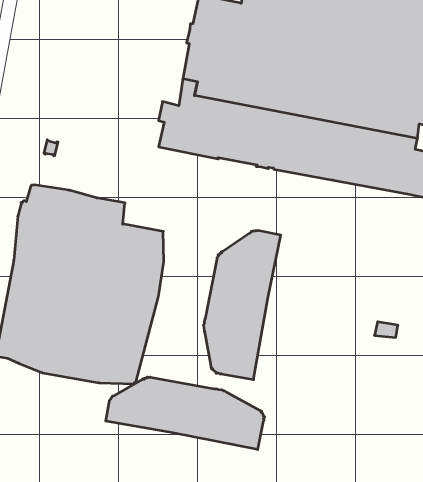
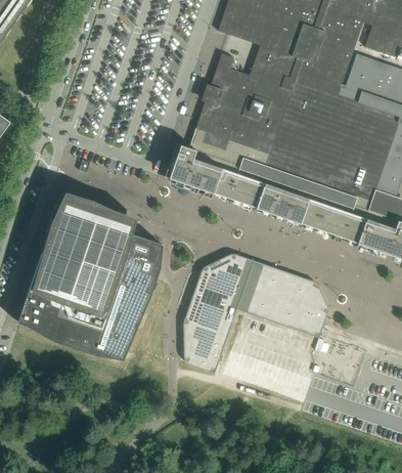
building: none -> [236,260,328,337]
building: [106,377,265,450] -> none

